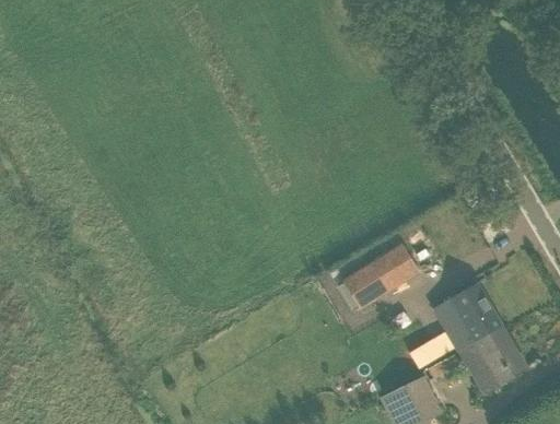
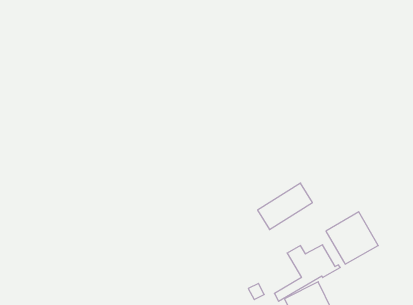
building: [459,326,527,392] -> none

